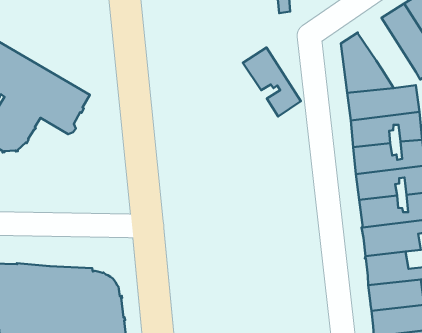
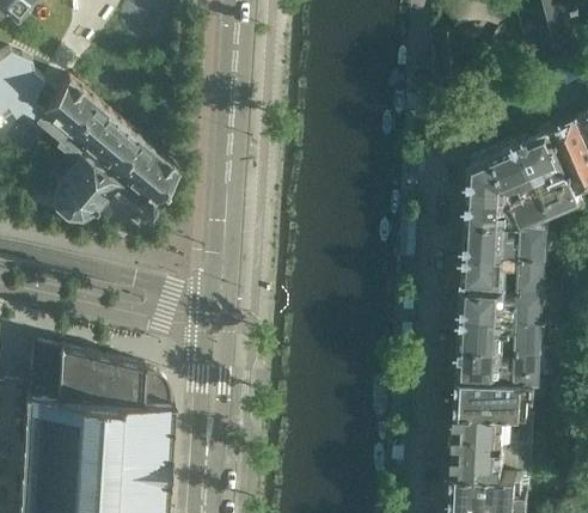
building: [243,47,301,117] -> [492,140,551,221]

